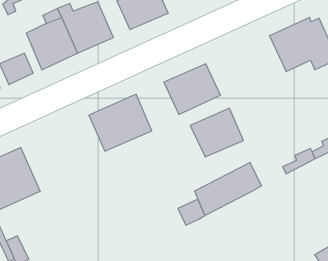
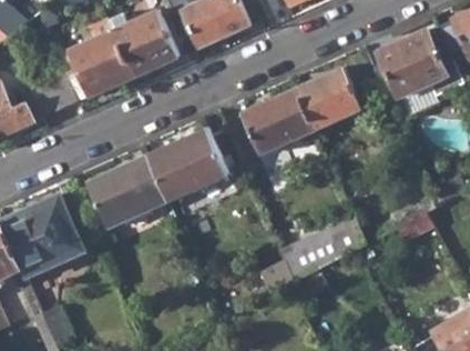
building: [190,108,243,157] -> [295,67,362,129]
building: none -> [84,154,166,228]

